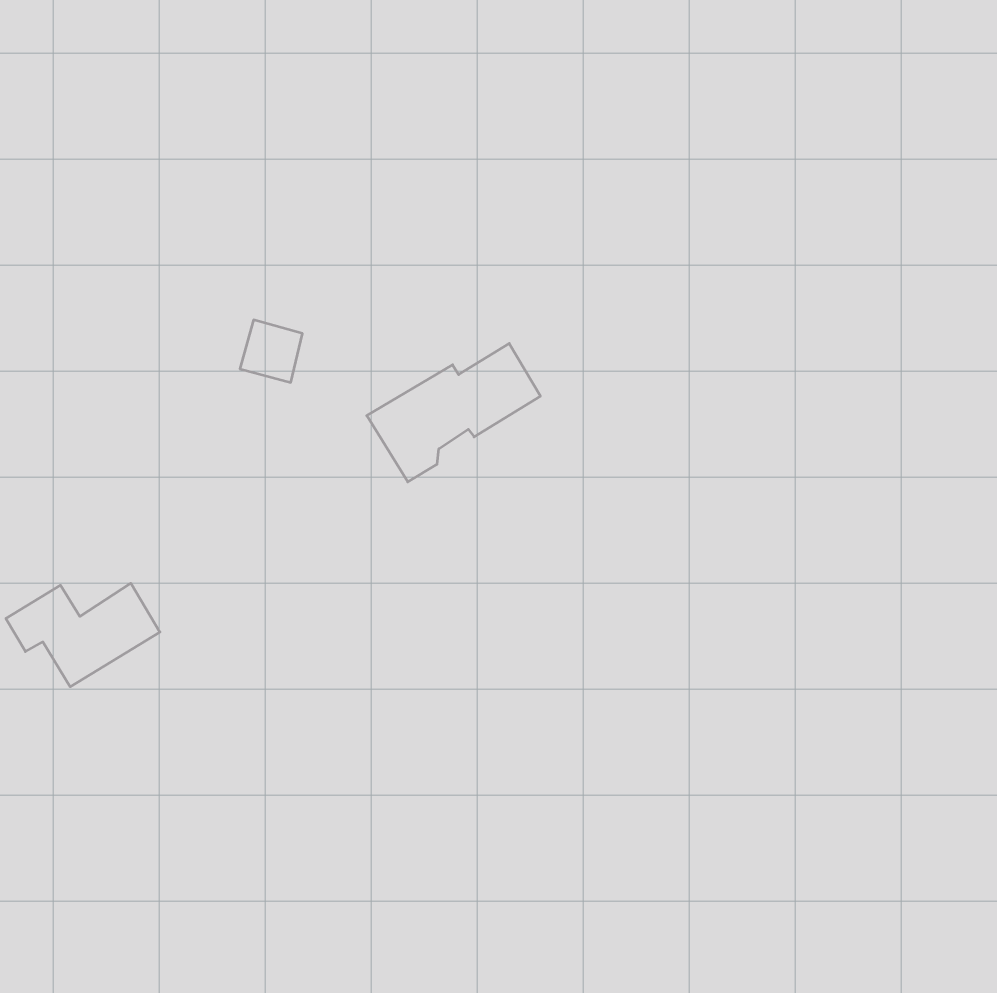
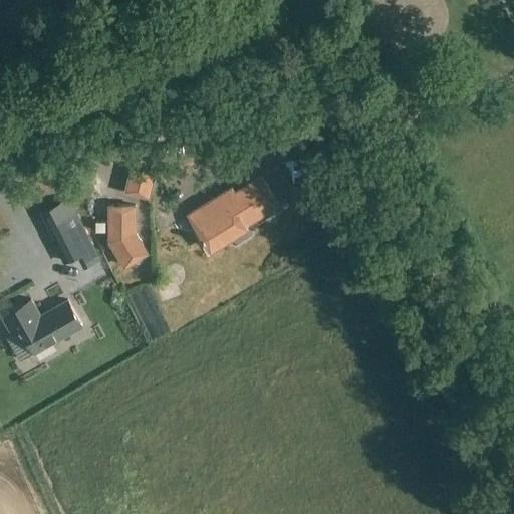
building: none -> [40,202,91,264]
building: none -> [109,207,148,268]

